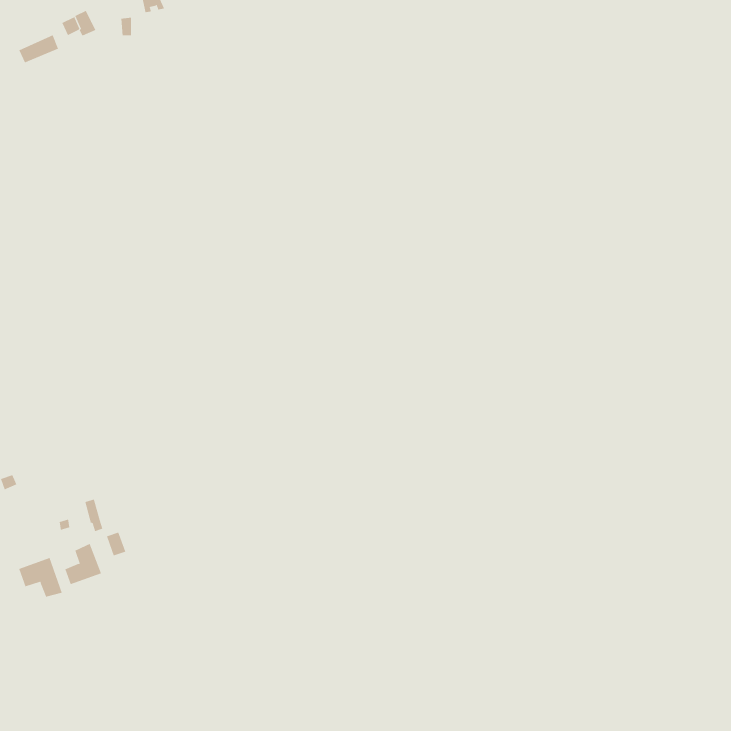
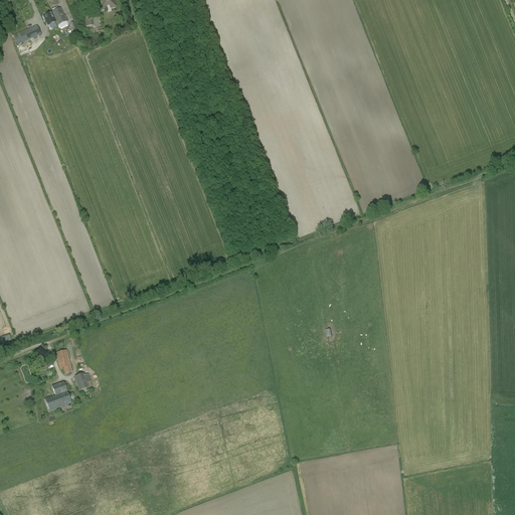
building: [19,557,62,598] -> none

